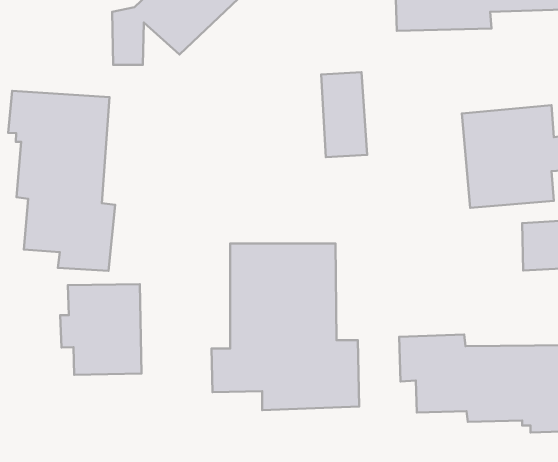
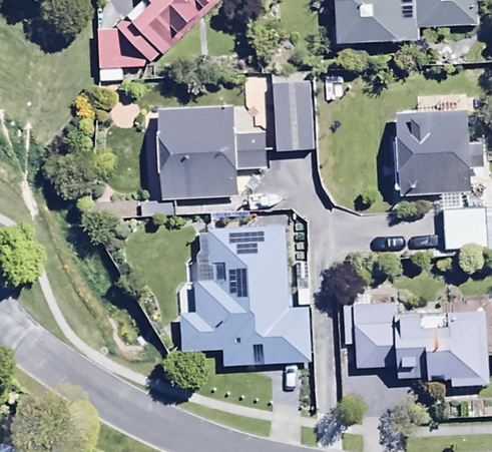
building: [8,91,115,271] -> none
building: none -> [158,107,267,199]
building: [60,284,141,375] -> none

